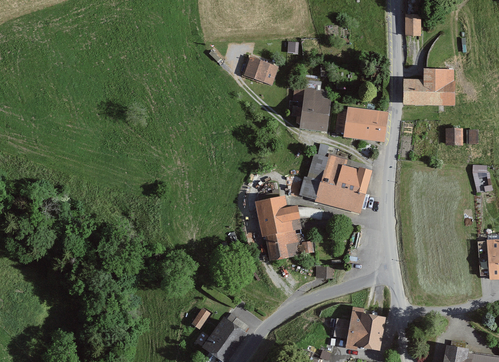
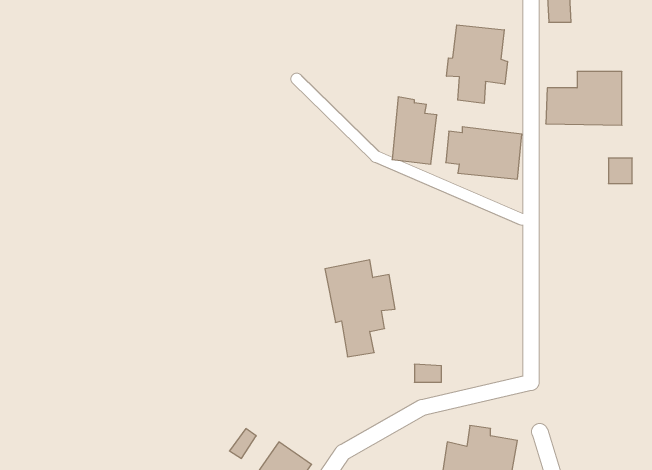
building: none -> [447,25,508,103]
building: [244,57,270,83] -> none
building: [299,153,371,215] -> none

